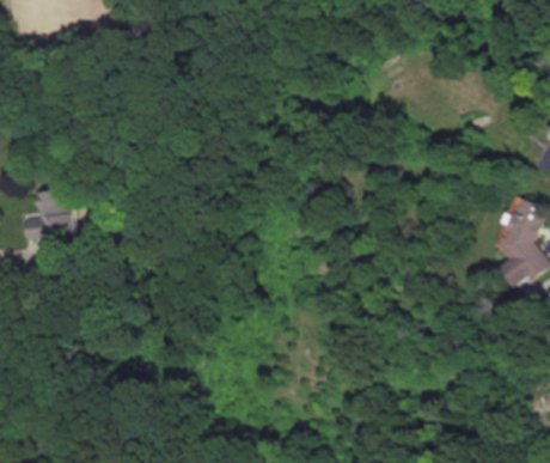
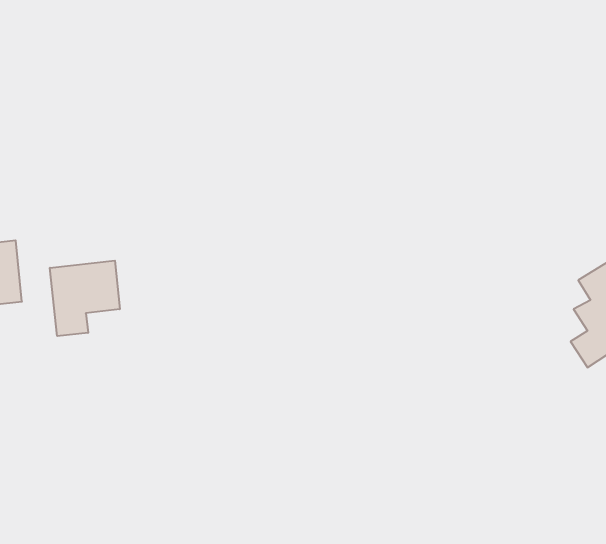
building: none -> [50,261,120,336]

